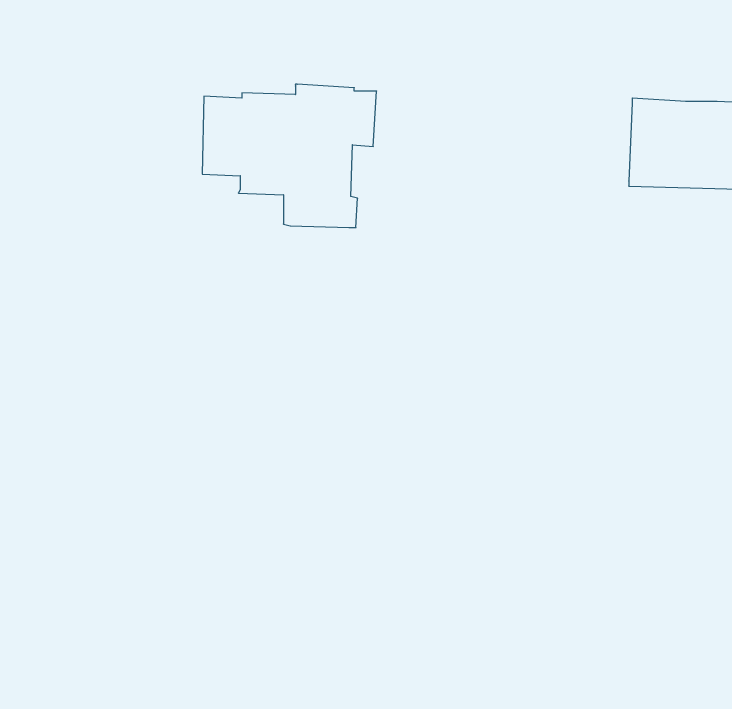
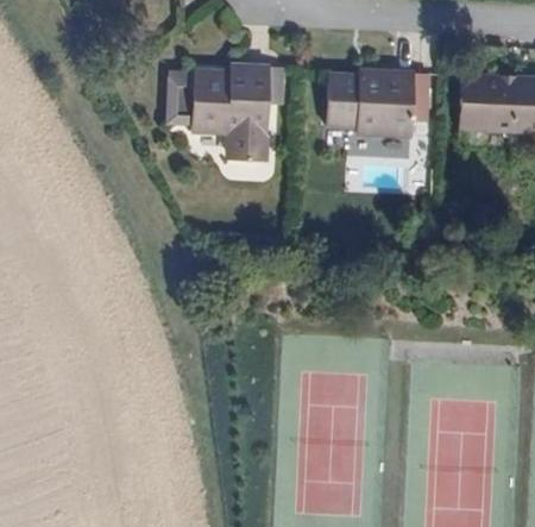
building: none -> [326,67,430,138]

